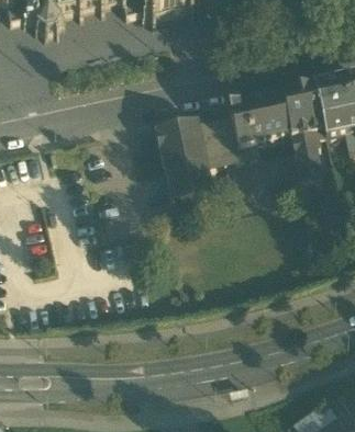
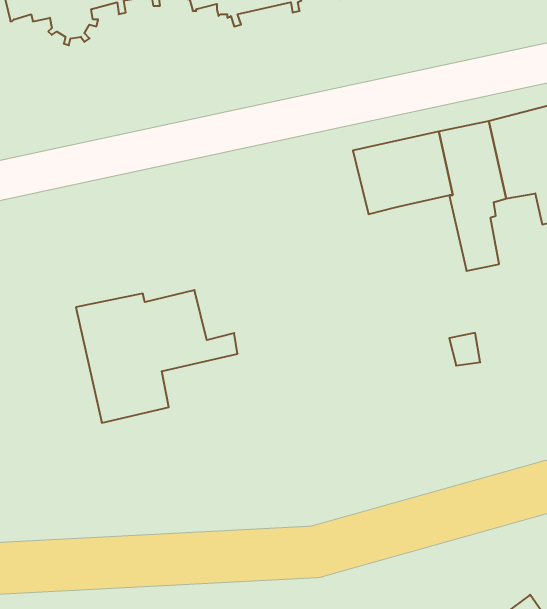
building: [155,106,258,191] -> [76,290,238,423]

